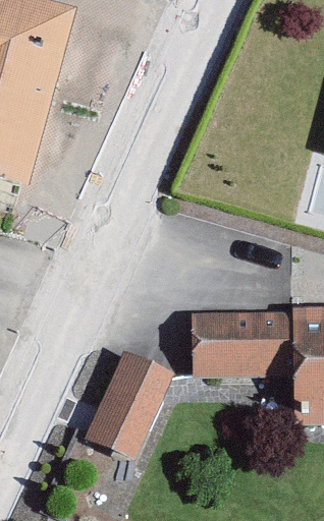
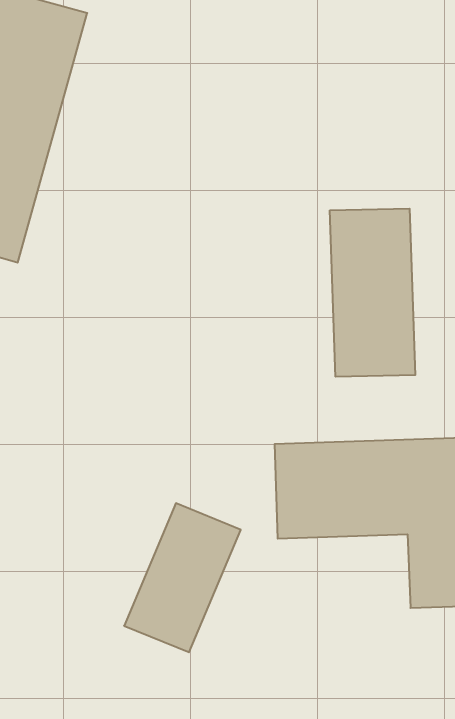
building: none -> [330,209,415,377]

